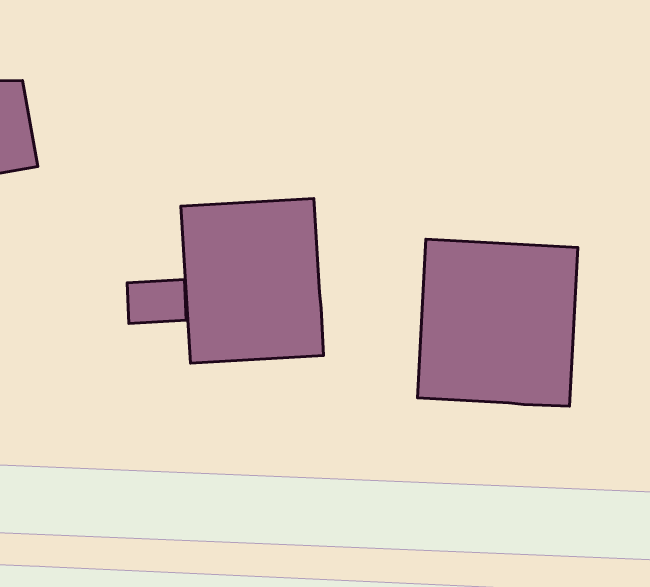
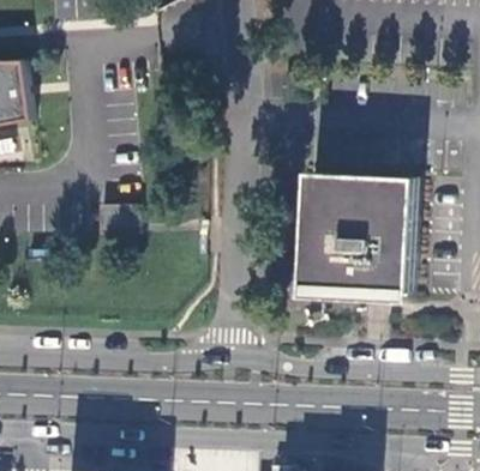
building: [181,198,323,363] -> none

